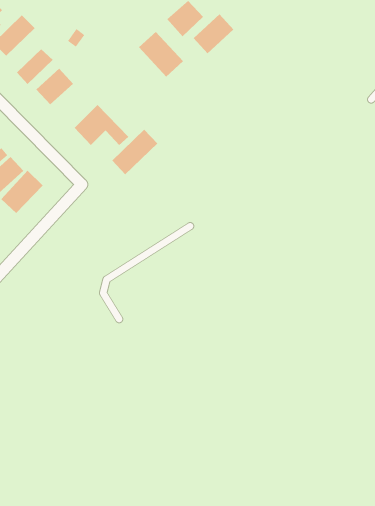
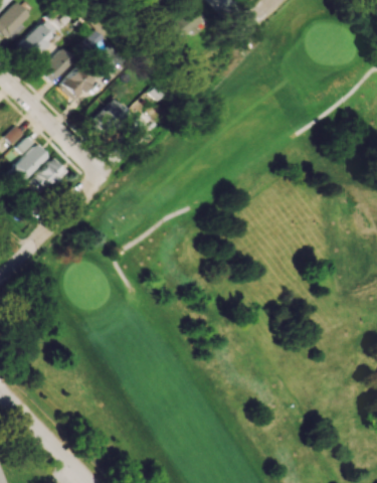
building: [193,13,234,54] -> none
building: [138,31,184,77] -> none
building: [111,129,158,175] -> none

